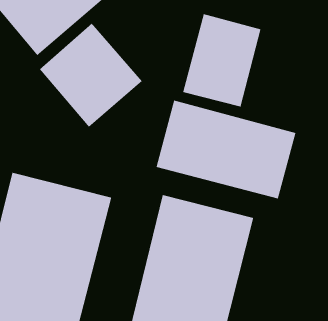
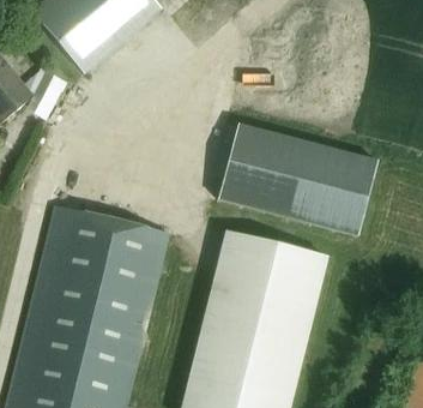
building: [182,13,262,108] -> none
building: [39,22,143,128] -> none

